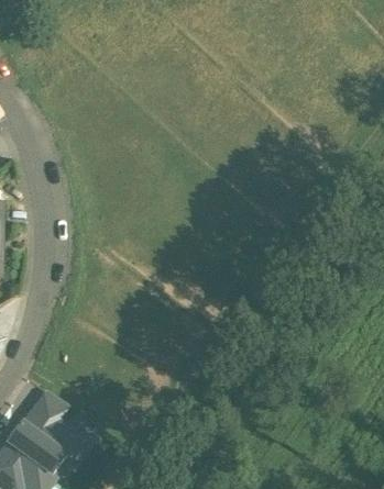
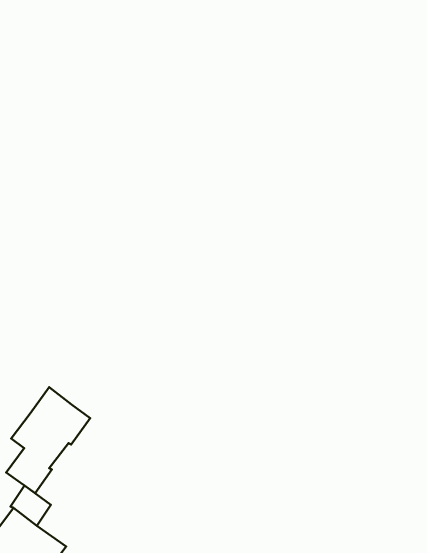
building: none -> [6,387,90,493]

